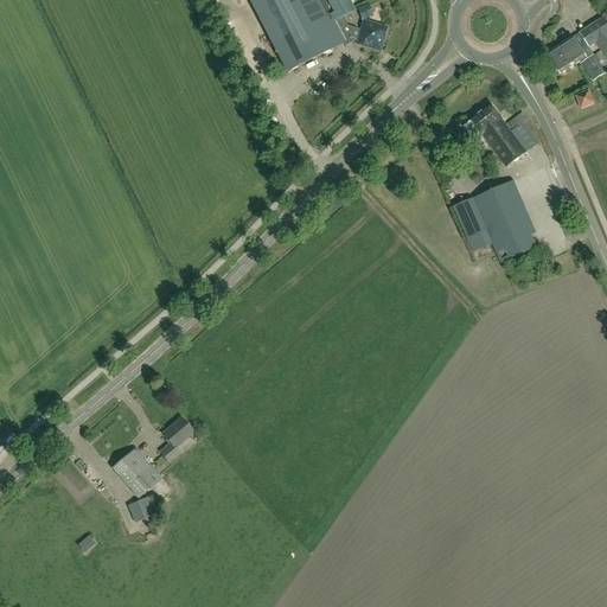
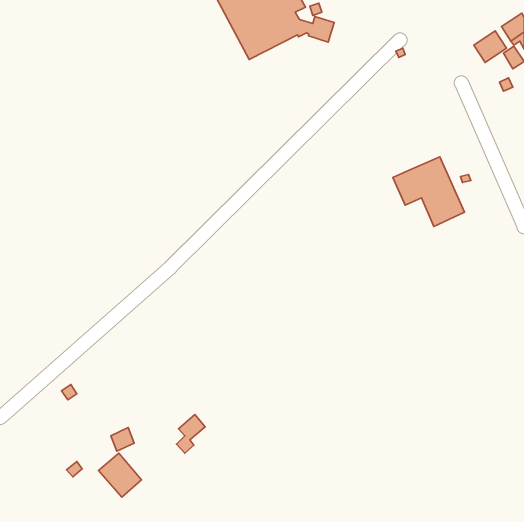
building: [462,103,538,166] -> none
building: [160,416,193,461] -> [177,414,205,453]
building: [111,446,161,497] -> [98,453,141,497]

